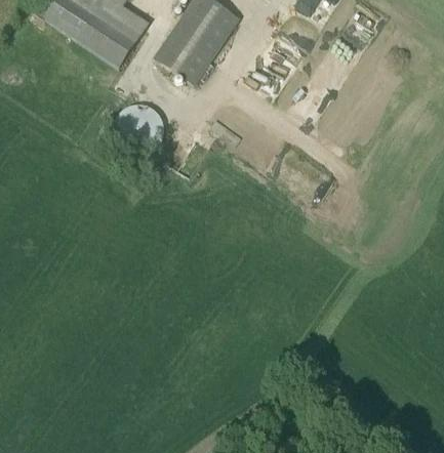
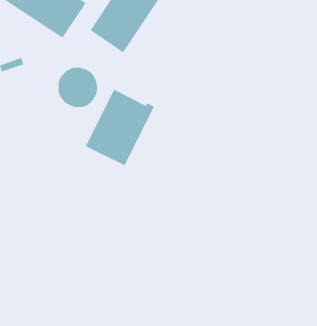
building: none -> [85,89,155,166]

